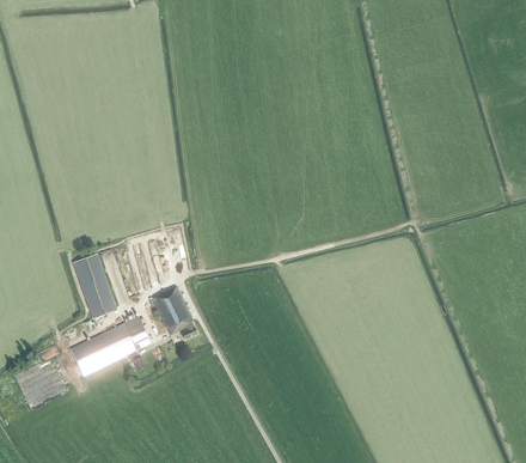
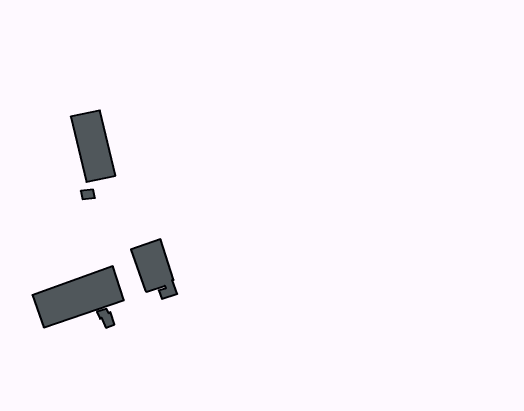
building: [72,254,117,318] -> [71,110,115,182]

